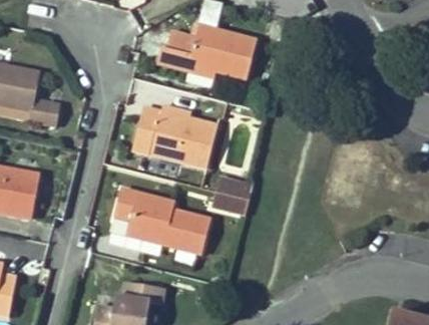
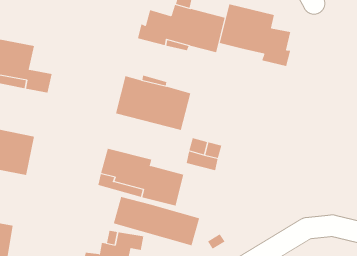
building: none -> [219,4,291,67]
building: none -> [113,196,200,246]

